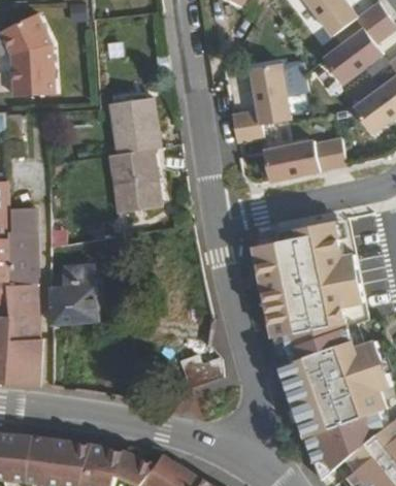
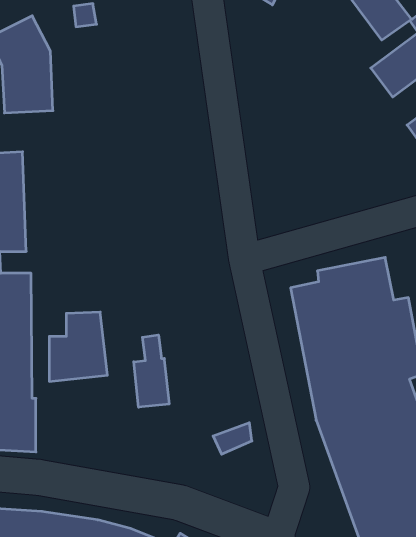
building: [231,63,291,141] -> none
building: [110,102,160,212] -> none
building: [266,137,349,181] -> none
building: none -> [134,335,169,407]

